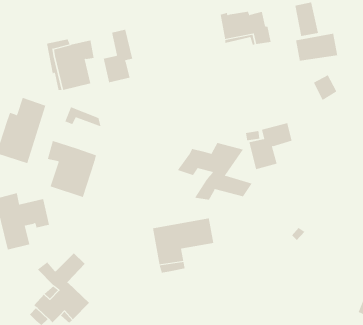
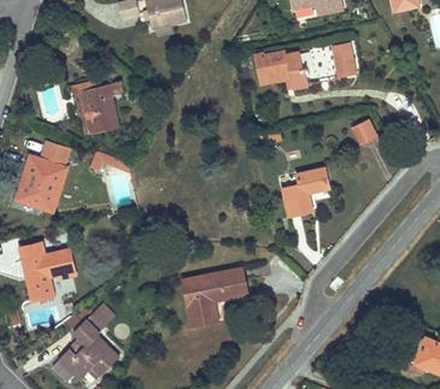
building: [103,29,133,83] -> none
building: [296,33,338,62] -> none
building: [47,140,96,198] -> none
building: [177,142,253,201] -> none

